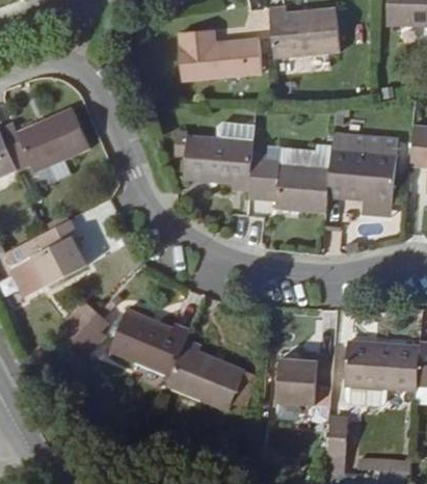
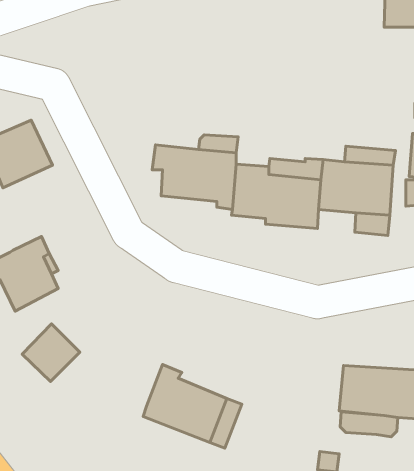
building: [268,7,341,59] -> none
building: [179,31,261,81] -> none
building: [107,308,186,374] -> none
building: [284,354,332,404] -> none

